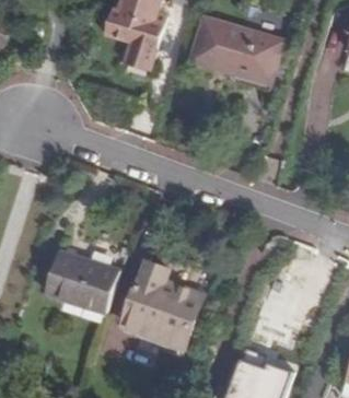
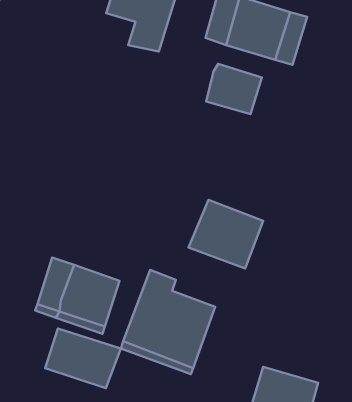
building: none -> [206,64,262,114]
building: none -> [188,200,263,269]
building: none -> [45,328,121,388]

